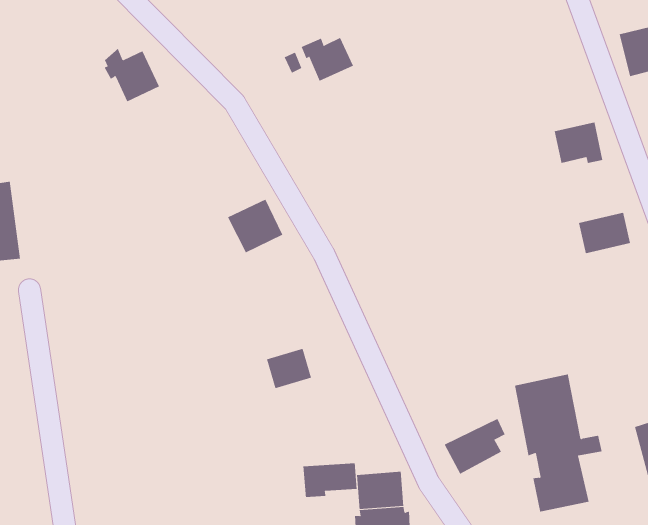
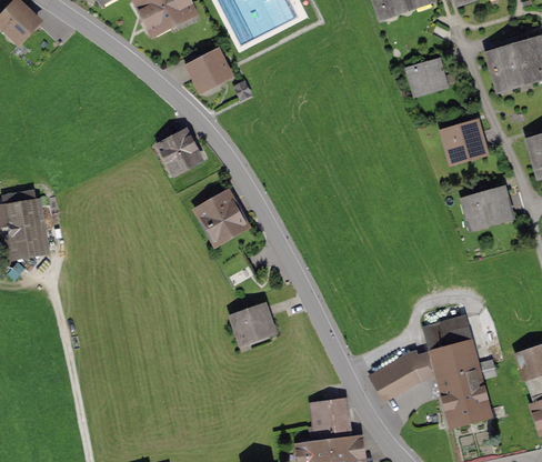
building: [301,37,354,81] -> [187,54,228,89]
building: none -> [410,63,454,92]
building: [104,48,160,102] -> [158,130,201,171]
building: [303,462,357,498] -> none

